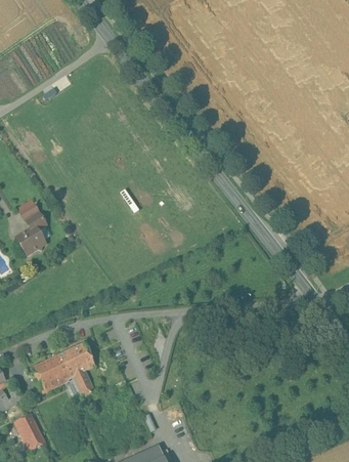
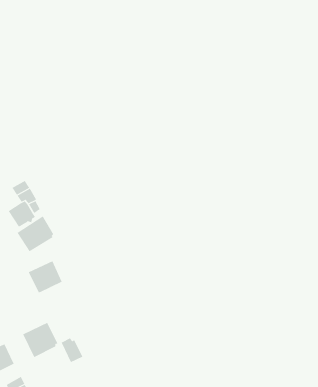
building: none -> [16,216,54,252]
building: [57,342,94,377] -> [28,260,63,293]

